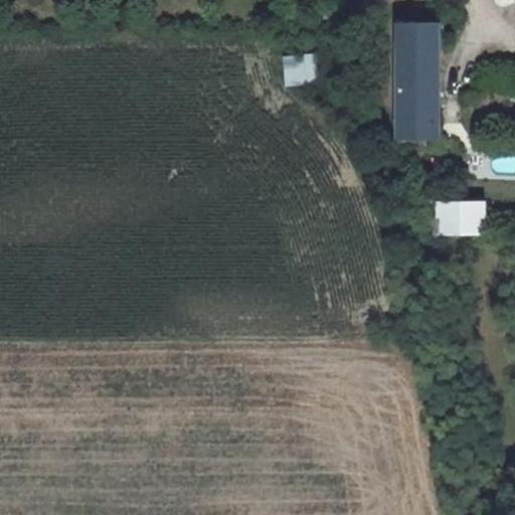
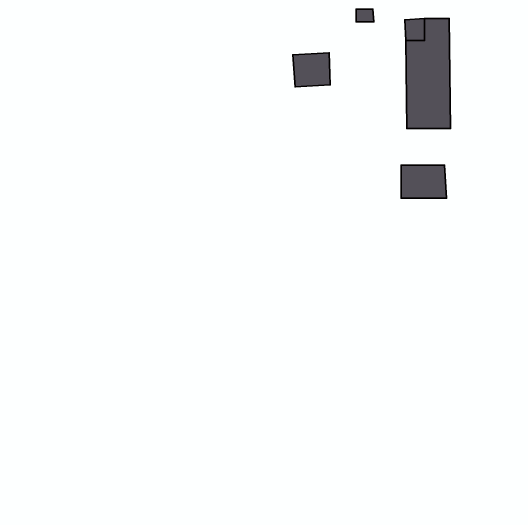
building: [437,203,481,235] -> [401,165,447,198]

